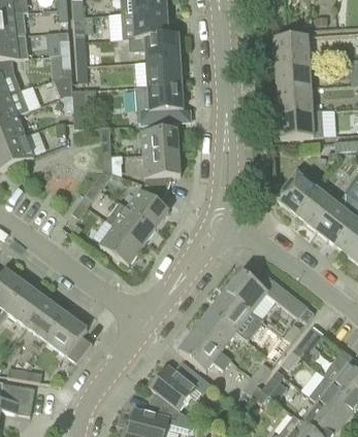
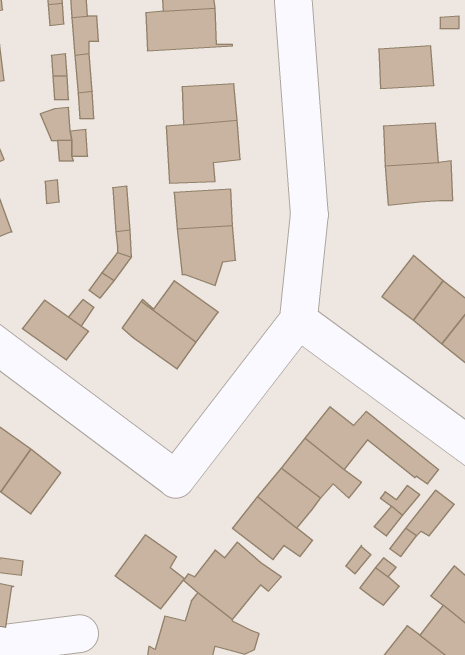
building: [123,35,180,62] -> none
building: [275,61,312,88] -> none
building: [99,226,142,265] -> [22,300,89,360]
building: [46,314,92,363] -> [115,535,184,609]

